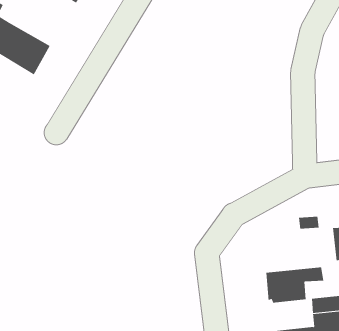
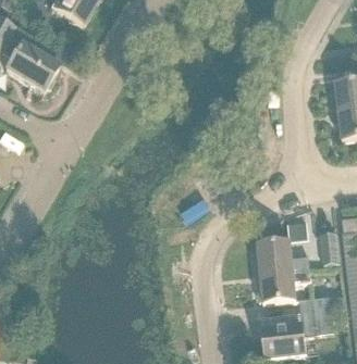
building: none -> [254,240,309,274]

